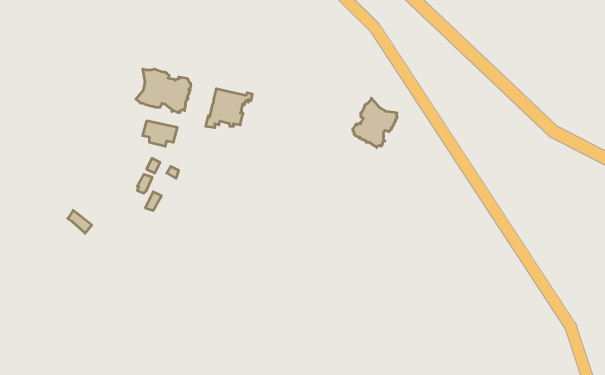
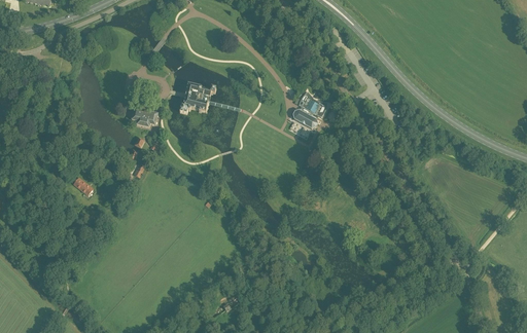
building: [136,69,191,113] -> none

